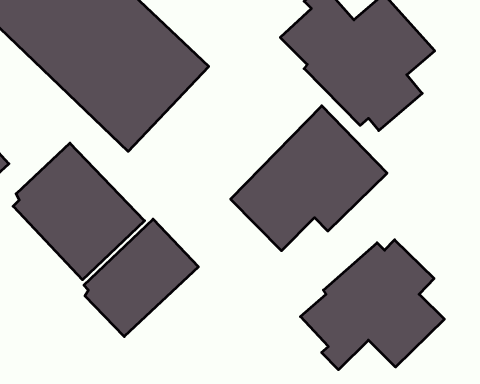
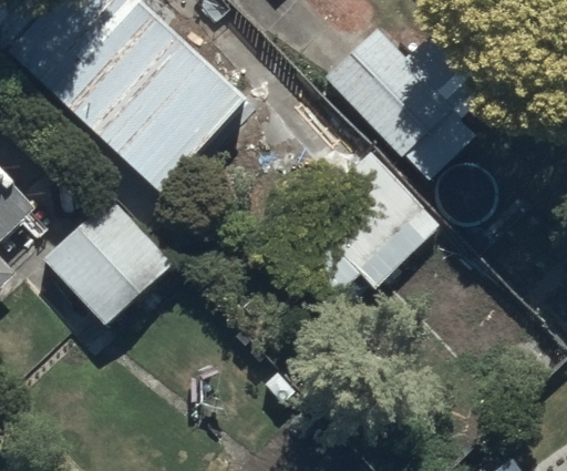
building: [84,219,198,337] -> none
building: [300,240,444,370] -> none

